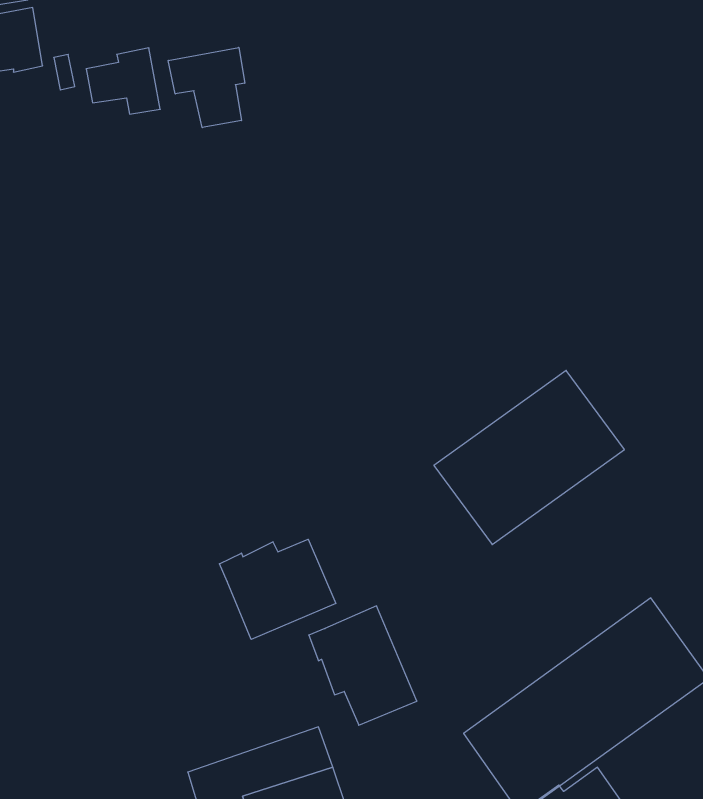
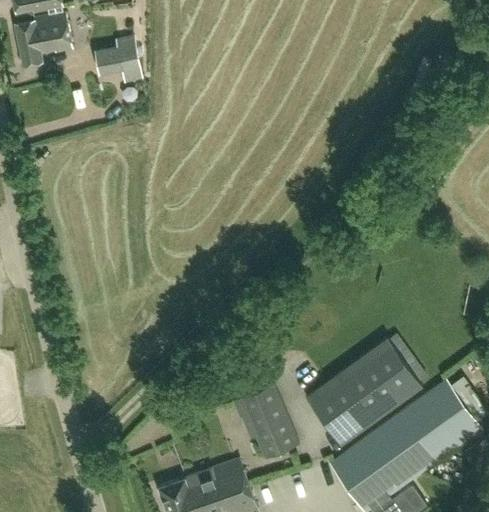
building: [168,47,245,128] -> none
building: [434,370,624,545] -> [305,337,423,445]
building: [219,539,336,639] -> none

